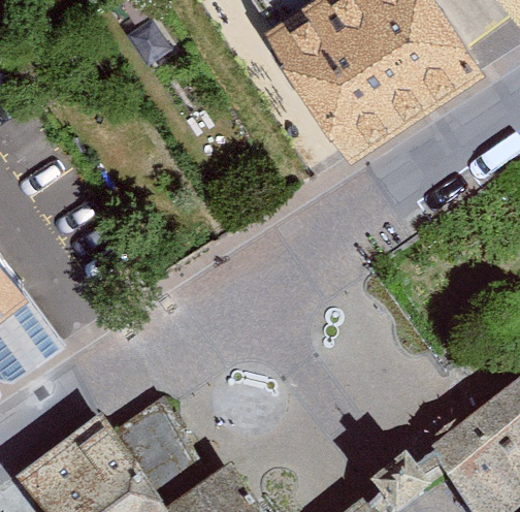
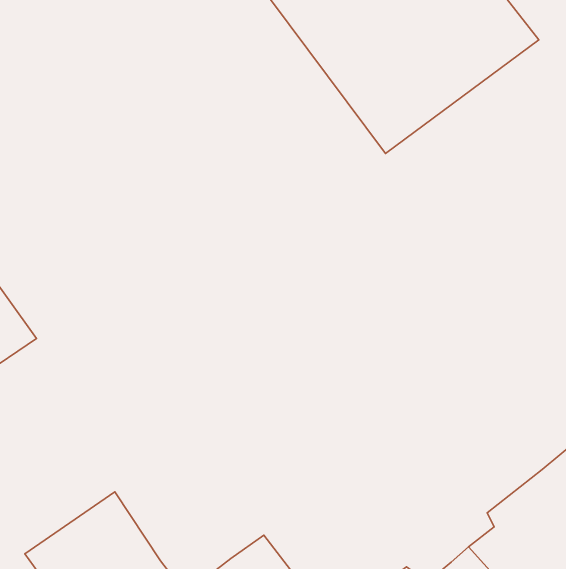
building: [103,406,189,497] -> none

